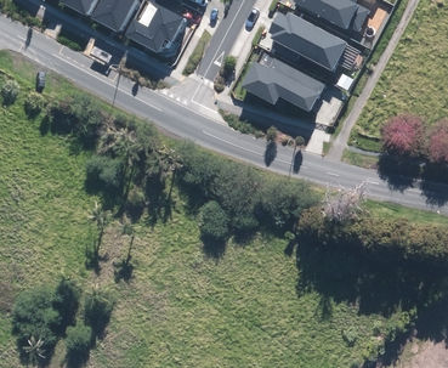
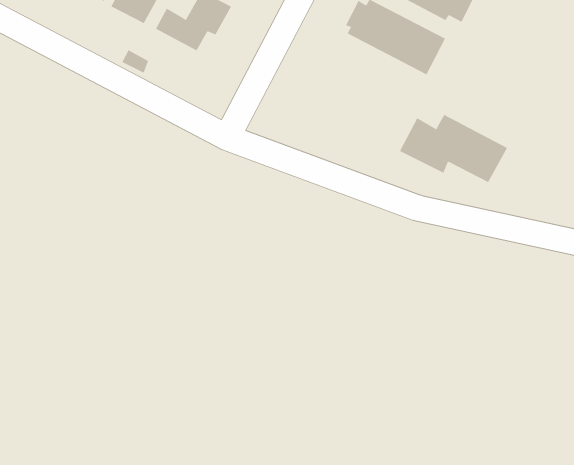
building: [240,58,323,111] -> [399,114,508,183]

